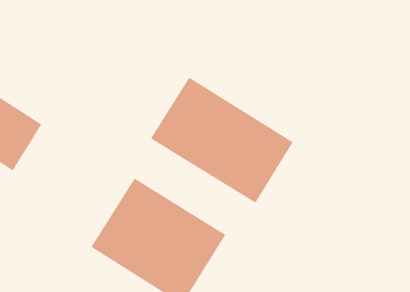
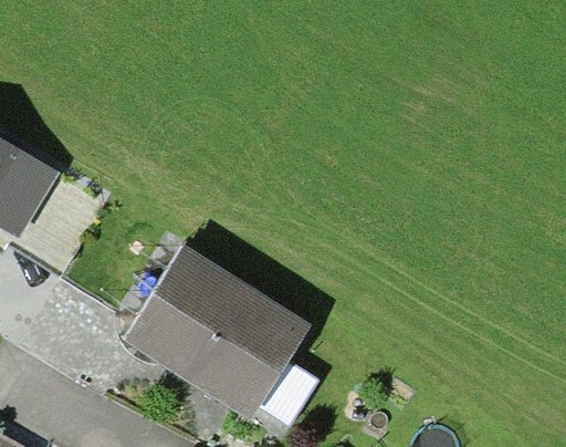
building: [150,77,294,204] -> none

